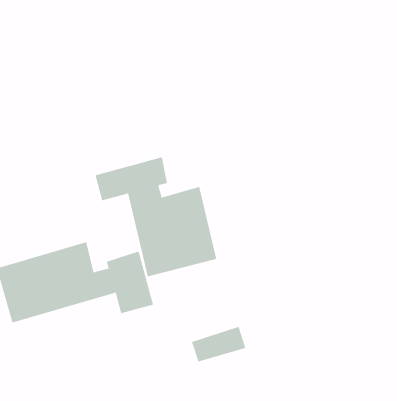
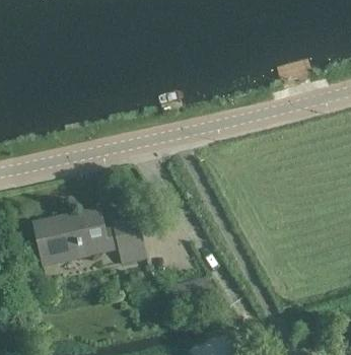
building: [95,157,217,277] -> none

